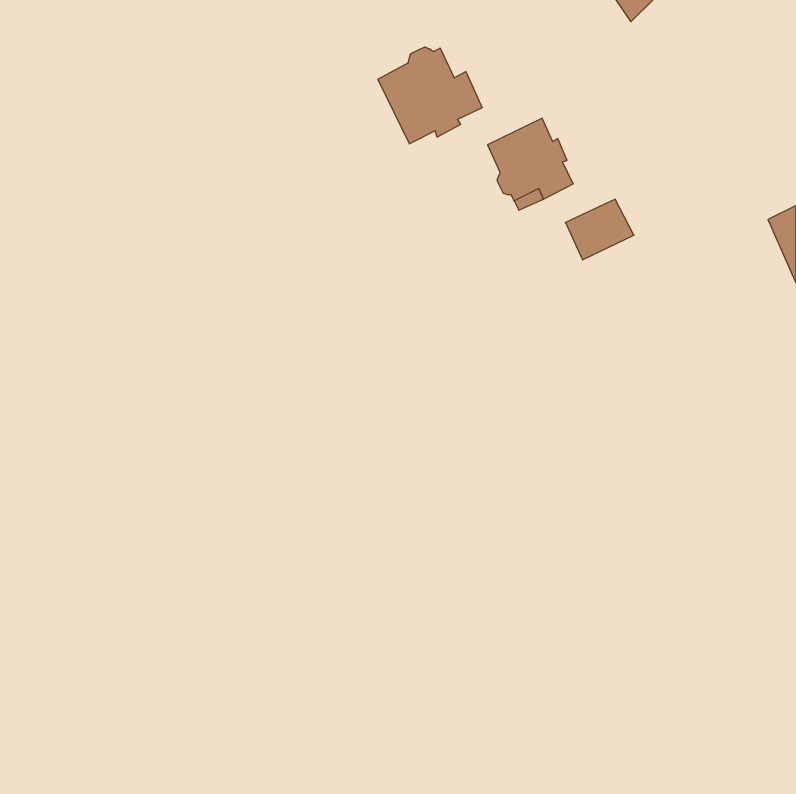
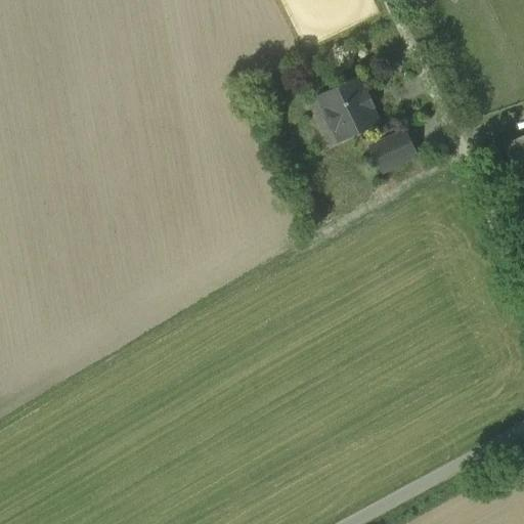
building: [378,47,482,144] -> none

